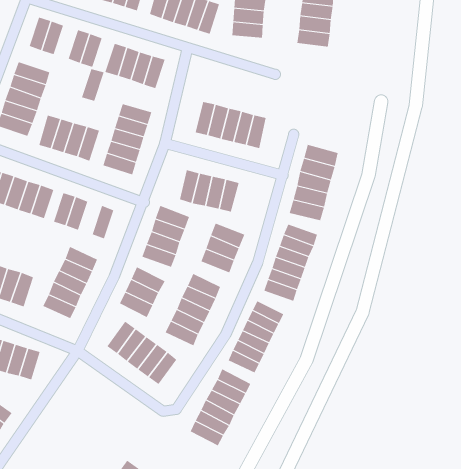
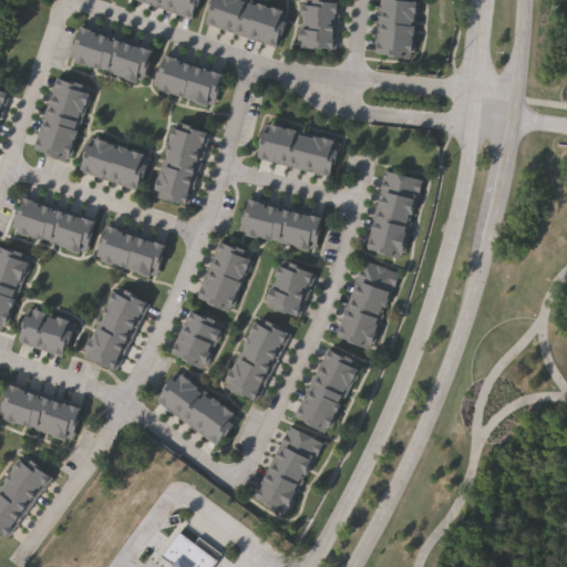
building: [81,68,105,101] -> [96,35,123,73]
building: none -> [299,215,322,252]
building: none -> [124,236,151,274]

